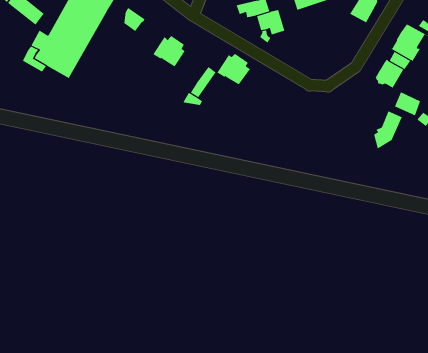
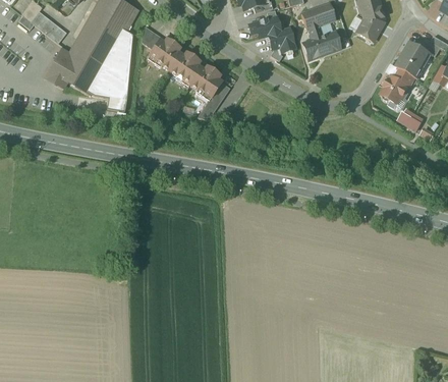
building: none -> [303,24,340,59]
building: none -> [91,30,132,110]
building: none -> [149,39,180,70]
building: [217,53,251,85] -> [189,66,222,97]
building: [374,111,403,149] -> none

